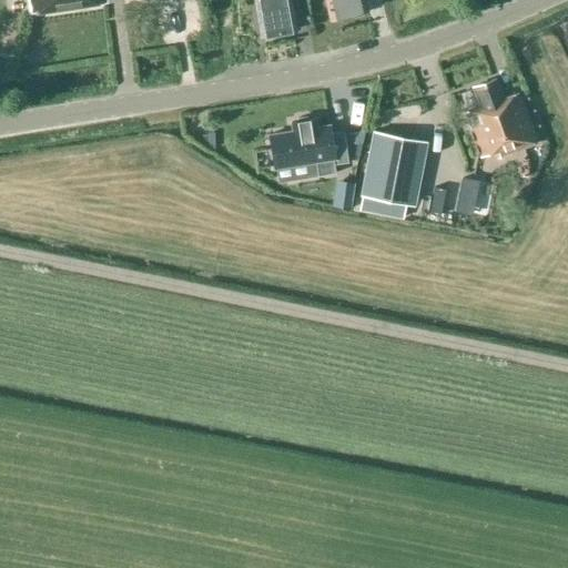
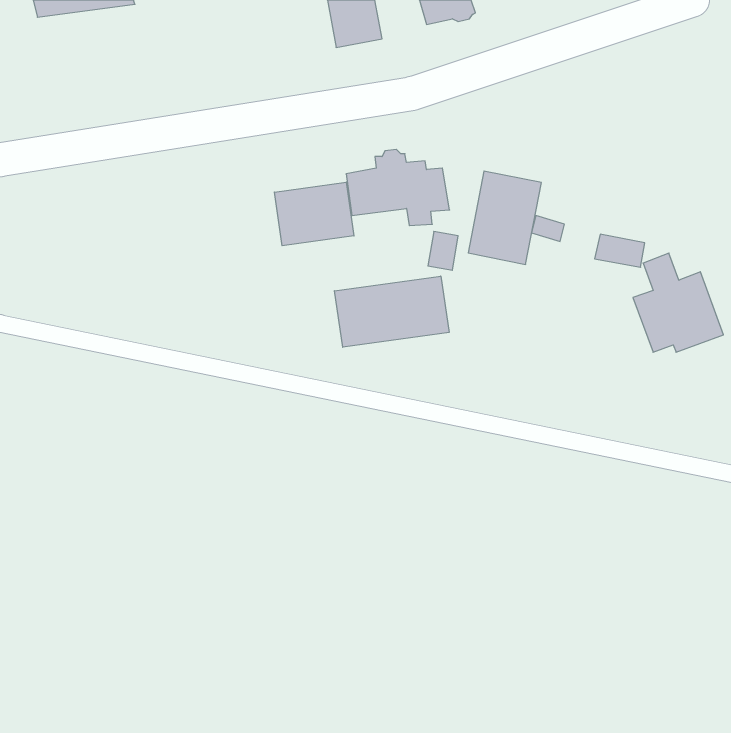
building: [468,81,538,158] -> [633,253,723,352]
building: none -> [274,182,354,246]
building: none -> [334,276,449,347]

